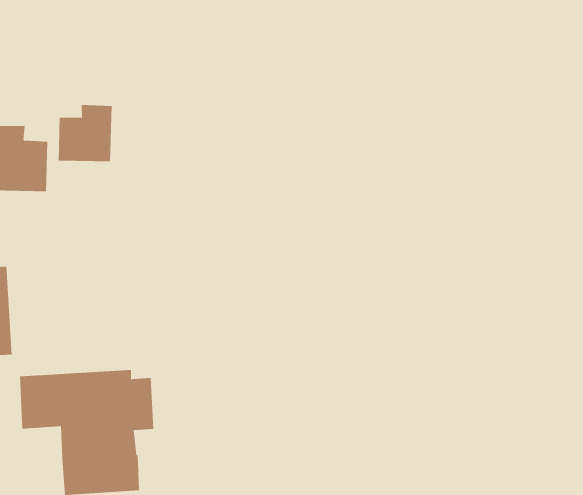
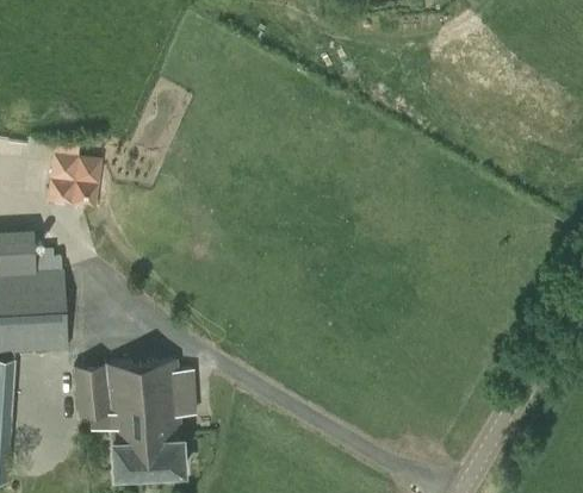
building: [58,104,112,162] -> none

